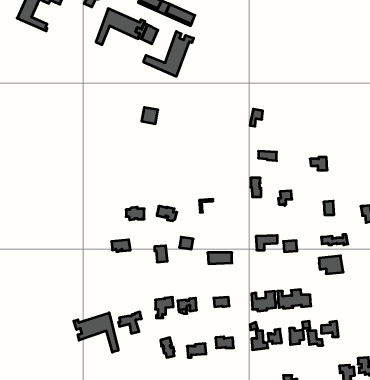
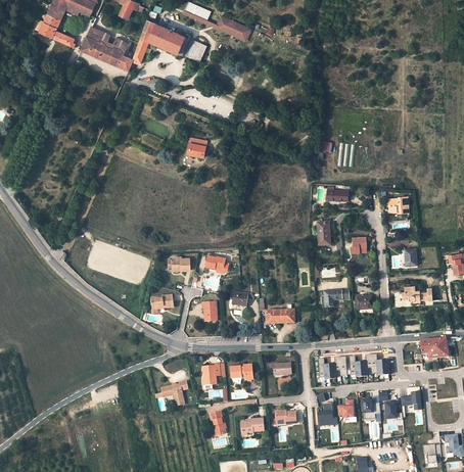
building: none -> [81,27,133,70]
building: [144,31,194,76] -> none
building: [319,256,343,274] -> [420,338,449,360]
building: [74,313,118,352] -> none

